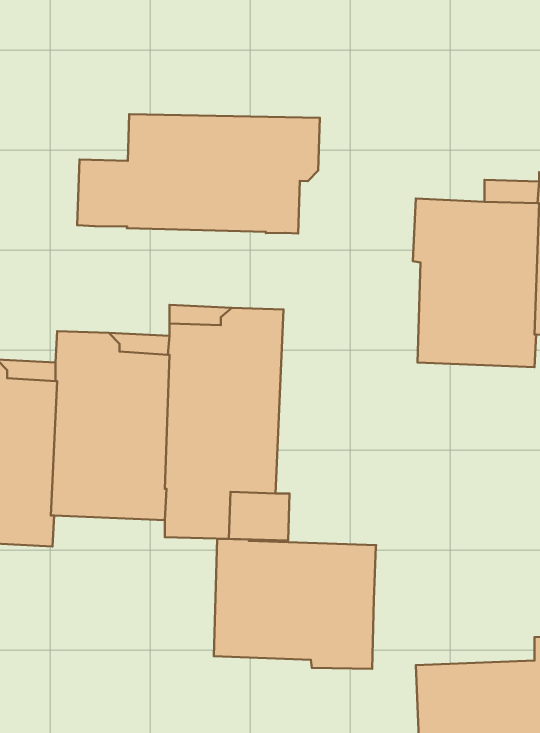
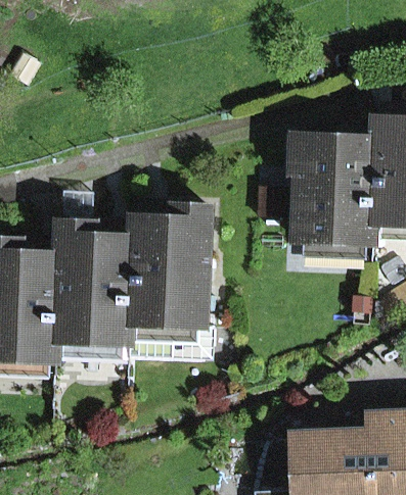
building: [77,114,320,234] -> none
building: [214,539,376,669] -> none

